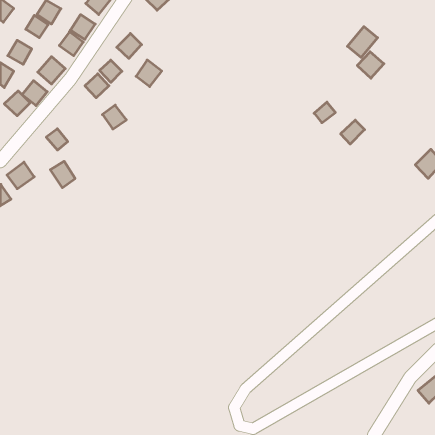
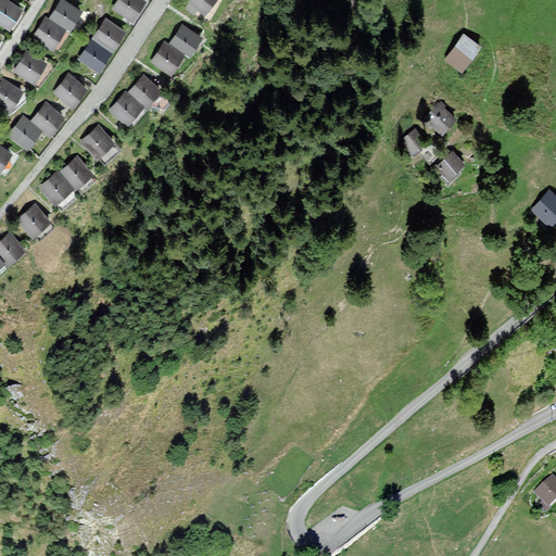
building: [357,52,384,78] -> [426,101,459,135]
building: [136,60,162,87] -> [169,22,202,55]
building: [102,105,126,129] -> [84,127,114,157]
building: [50,161,75,188] -> [41,177,73,211]

